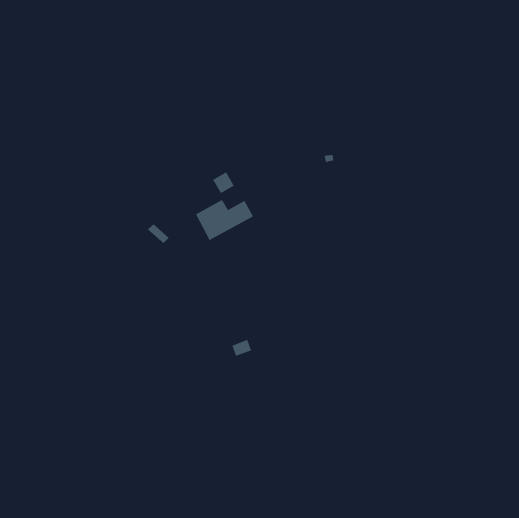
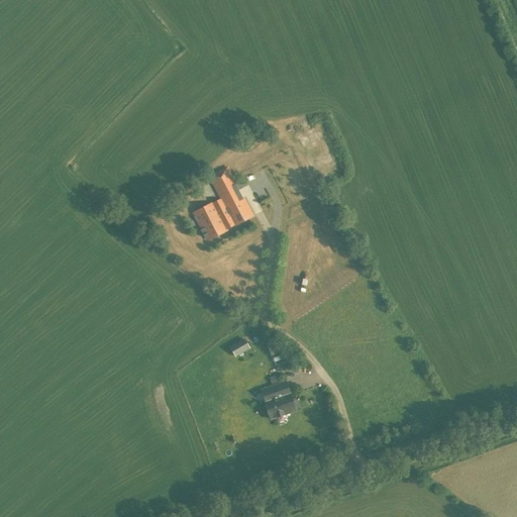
building: none -> [263,385,296,418]

